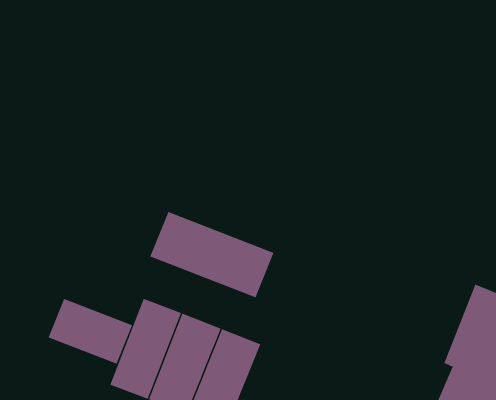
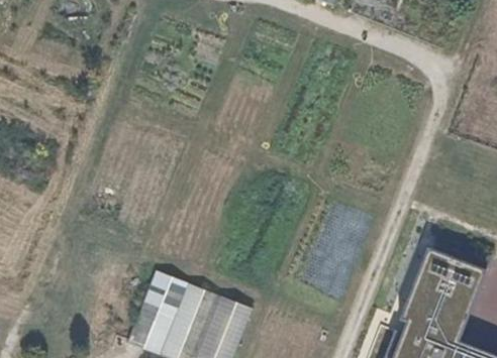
building: [150,211,274,298] -> none
building: [48,298,133,365] -> none

